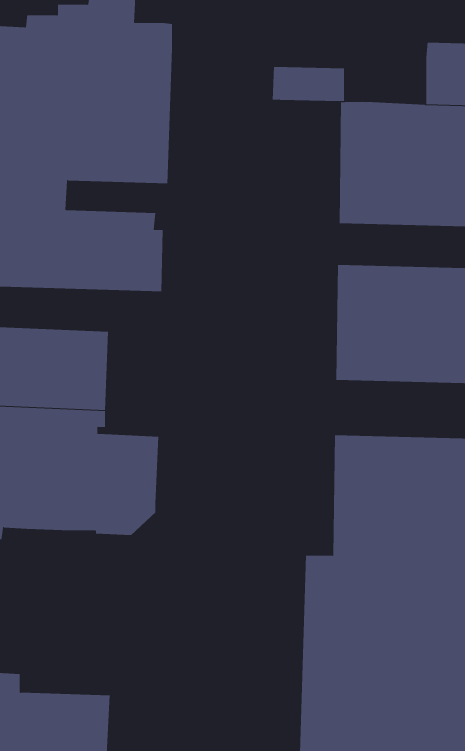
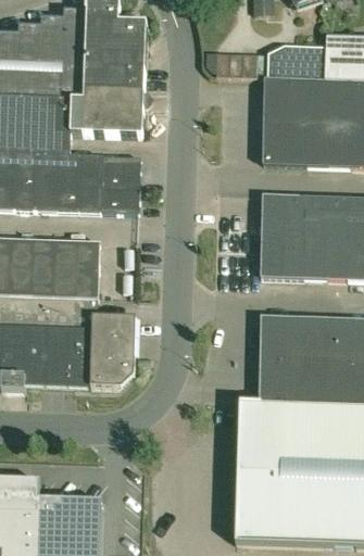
building: none -> [284,45,326,79]

